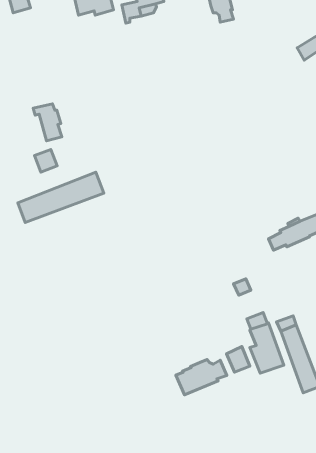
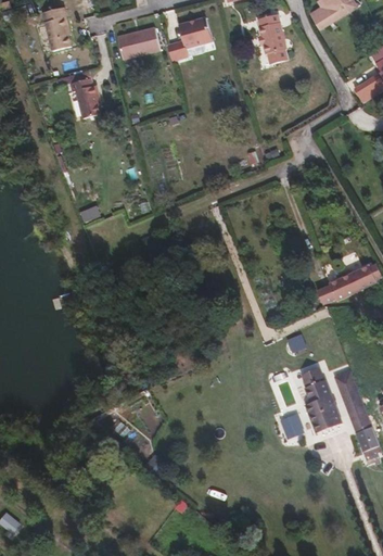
building: [33,104,62,141] -> [71,77,101,116]
building: [18,172,104,223] -> none
building: [176,360,227,395] -> none

